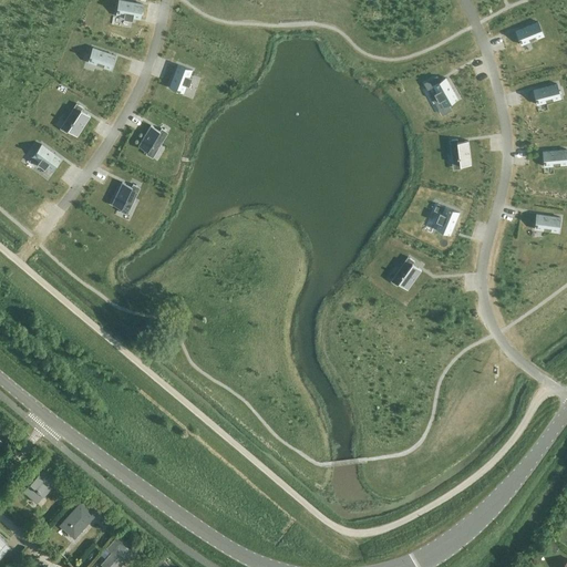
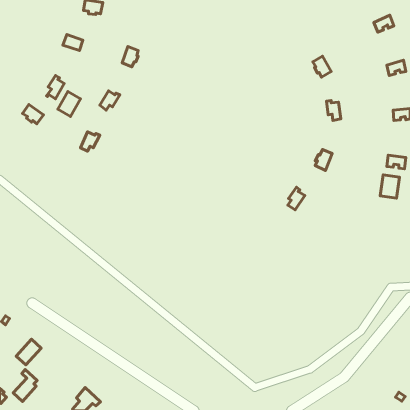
building: none -> [58,92,81,116]
building: none -> [380,175,399,198]
building: [60,494,93,538] -> [13,369,37,402]

